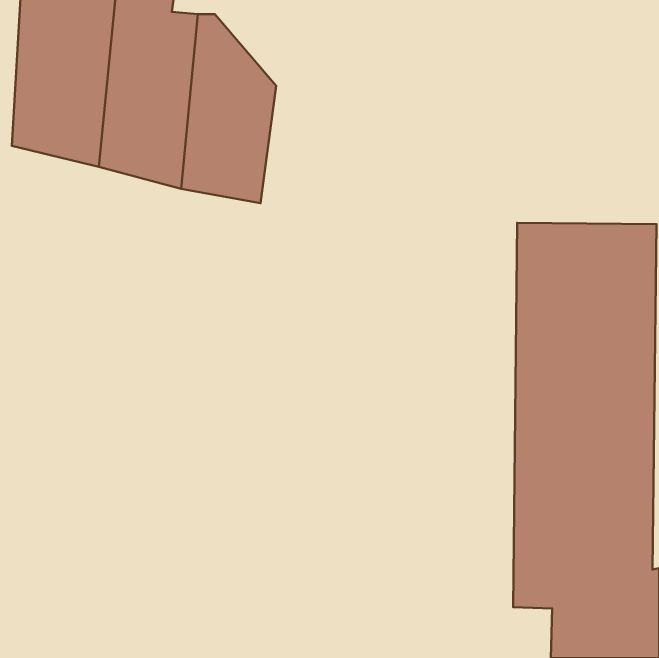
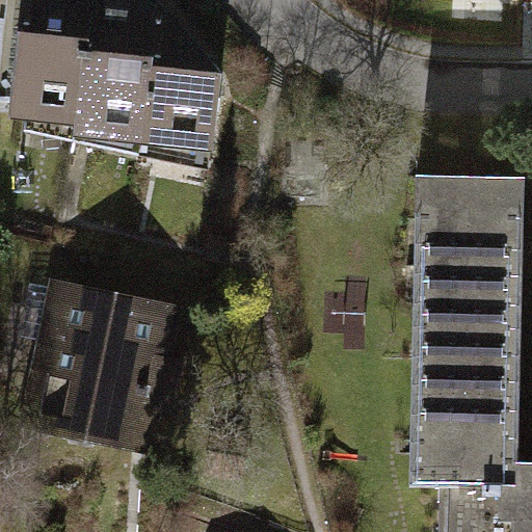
building: none -> [24,283,192,457]

